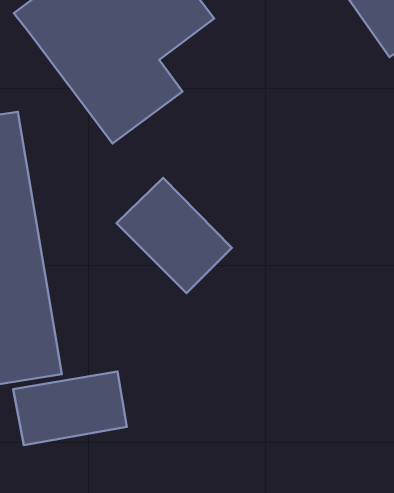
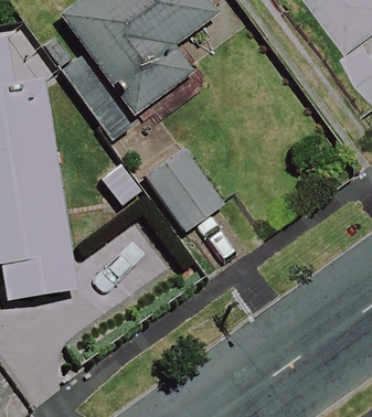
building: [13,371,127,445] -> none

